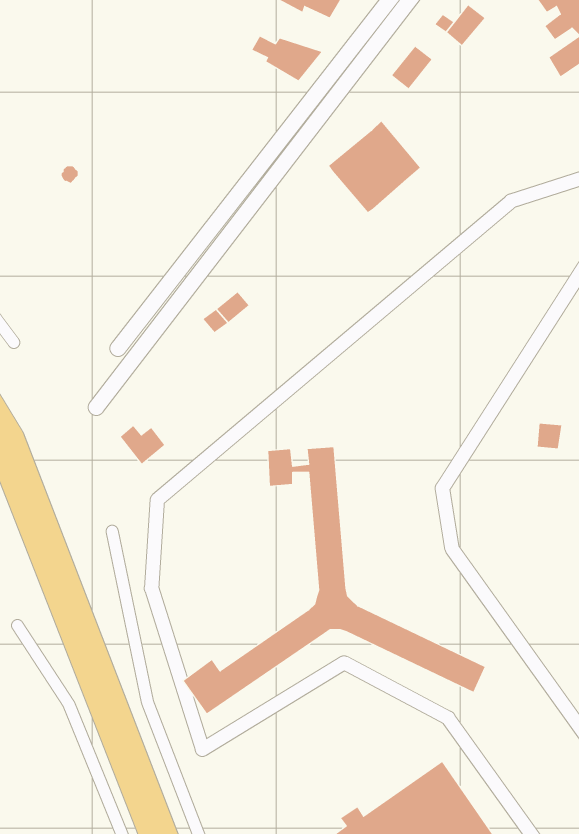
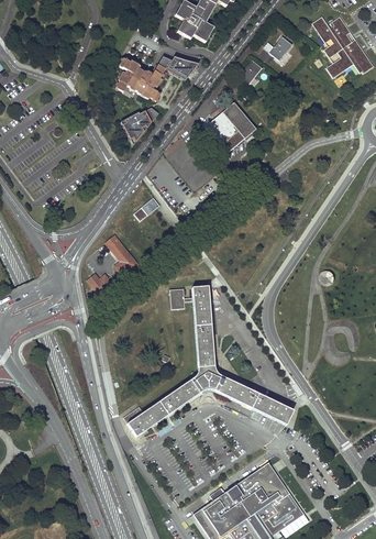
building: none -> [114,59,164,101]
building: none -> [120,109,157,144]
building: none -> [106,237,136,275]

